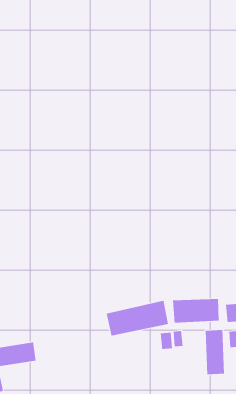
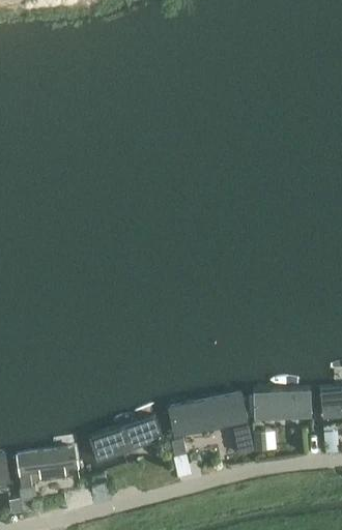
building: none -> [87,417,162,464]
building: [205,329,224,375] -> none

